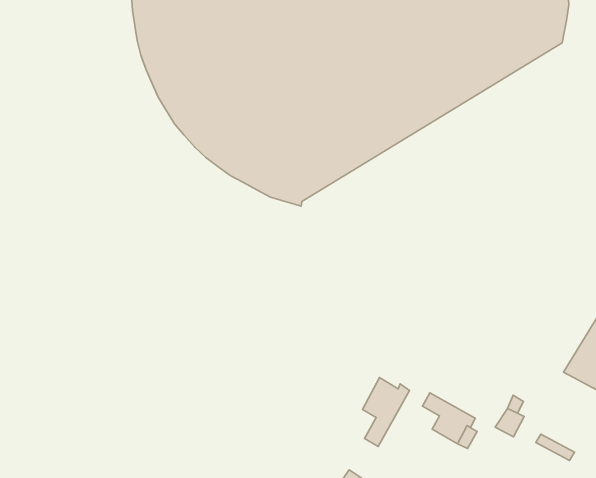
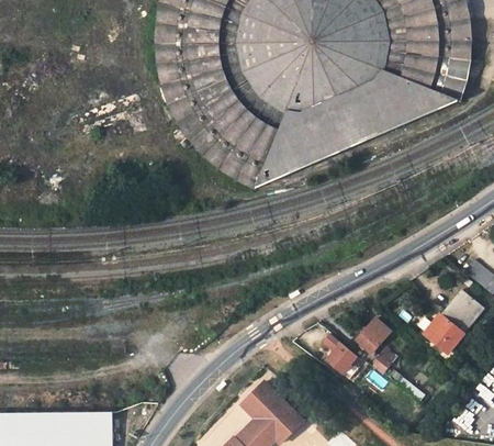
building: none -> [355,317,390,352]
building: [362,378,410,447] -> none

